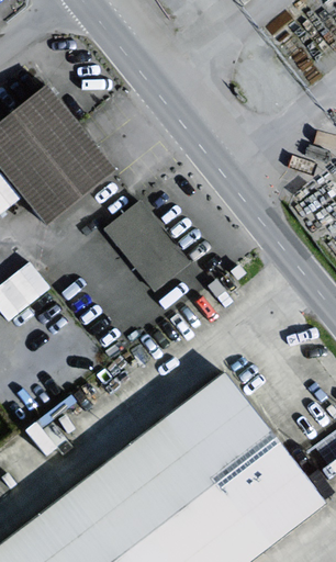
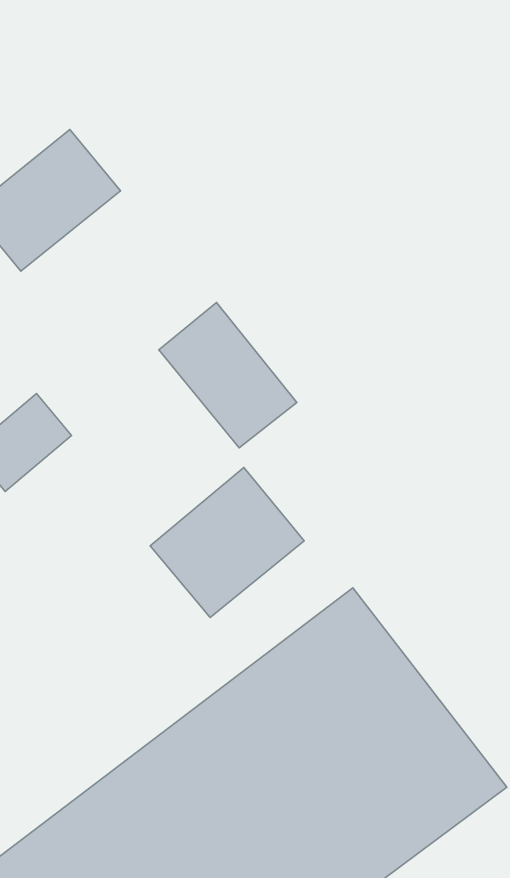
building: [16,128,110,217] -> none
building: none -> [150,467,304,617]

